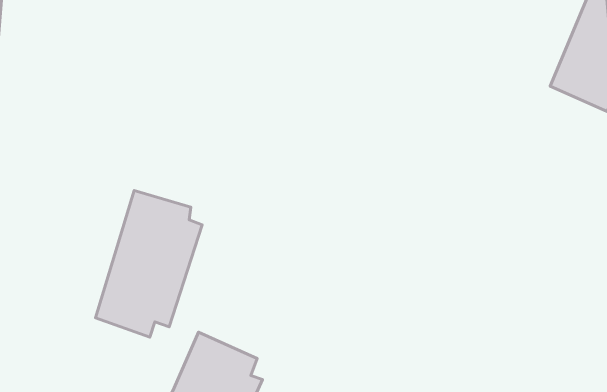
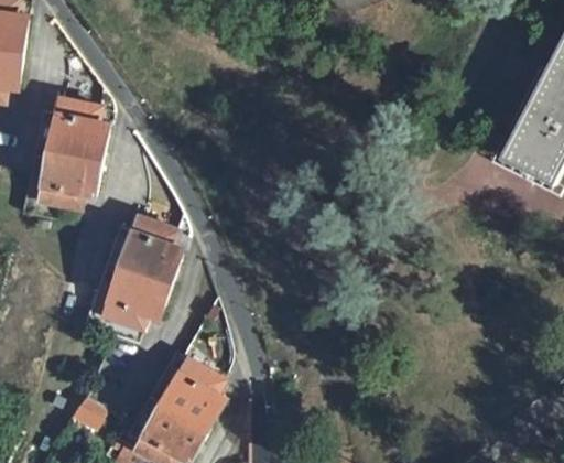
building: none -> [26,94,113,222]

